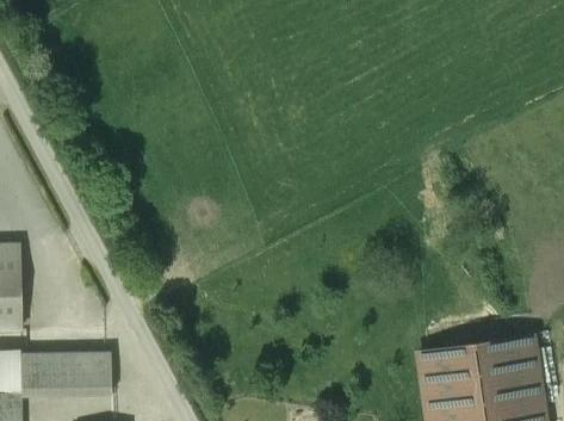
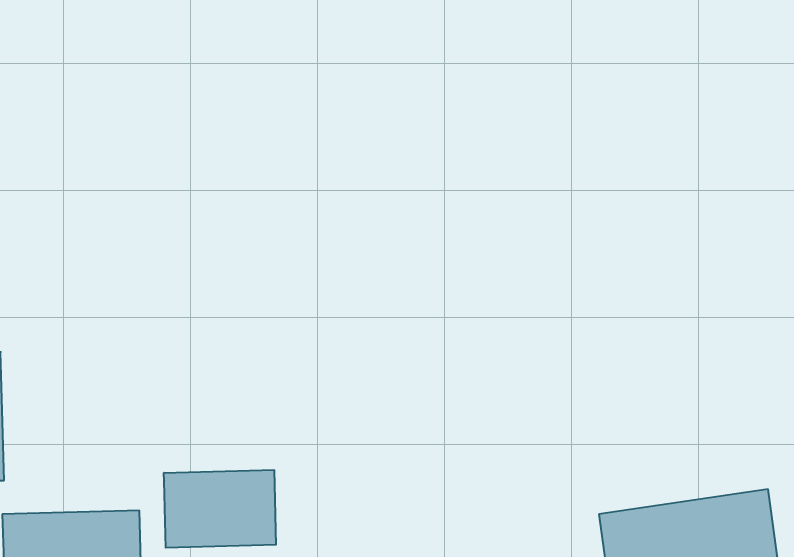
building: none -> [164,470,276,548]

